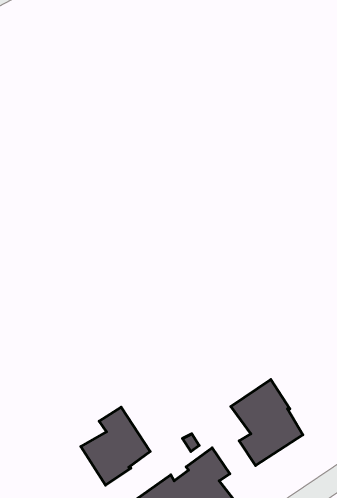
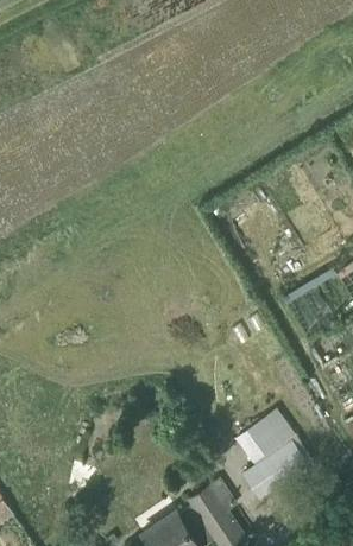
building: [81,407,150,485] -> none

